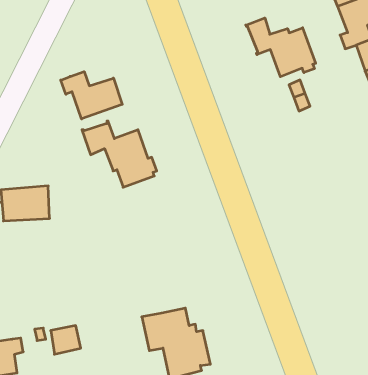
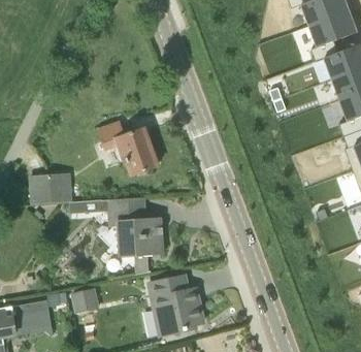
building: [246,18,316,77] -> none
building: [61,72,122,119] -> none
building: none -> [79,197,163,257]

